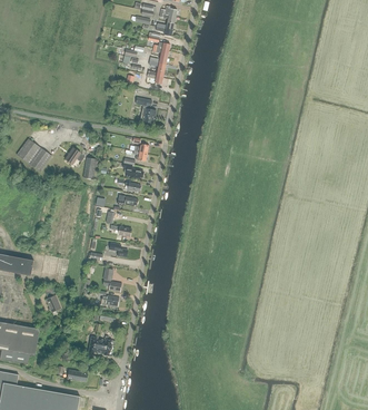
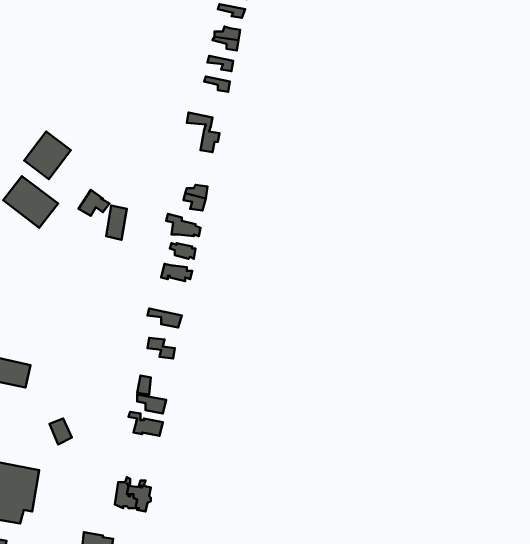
building: none -> [24,132,71,179]

